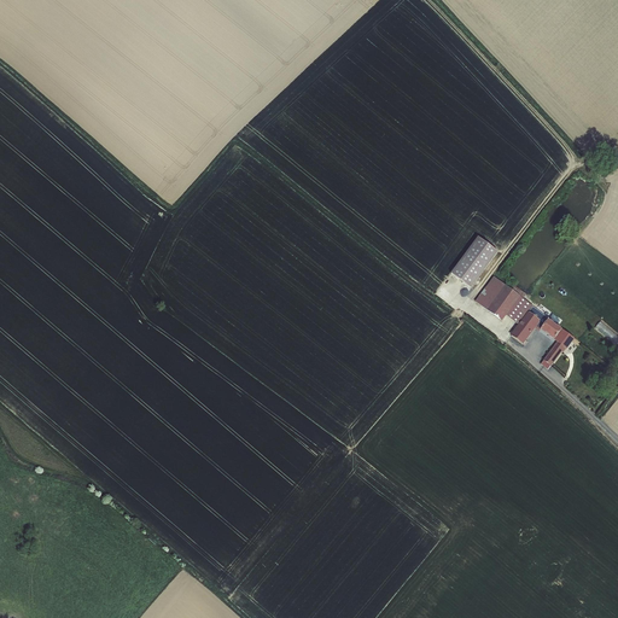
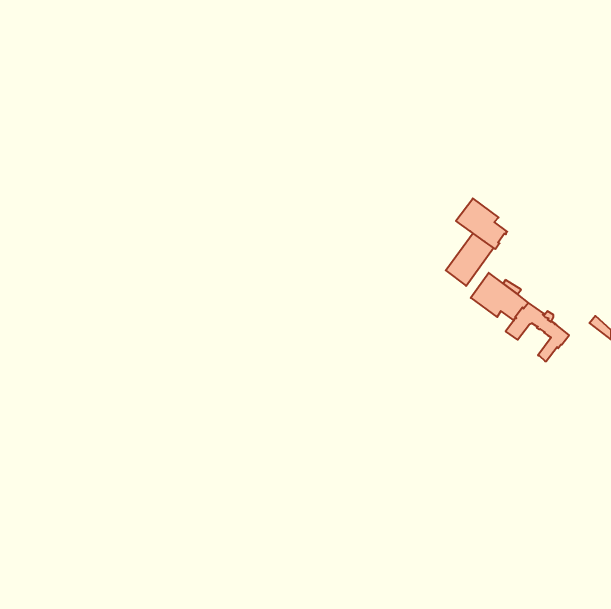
building: none -> [456,198,507,249]

